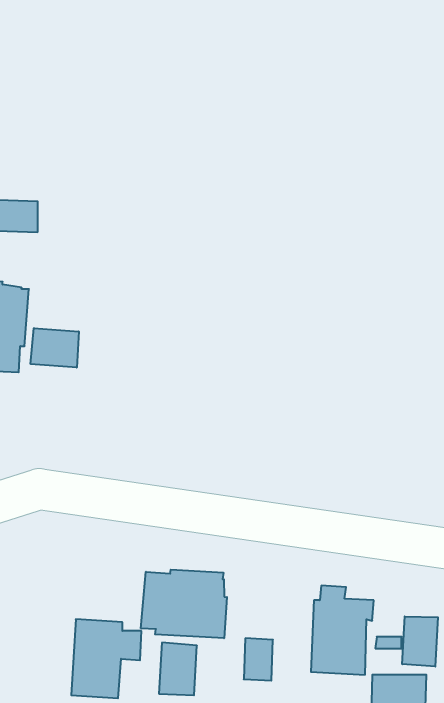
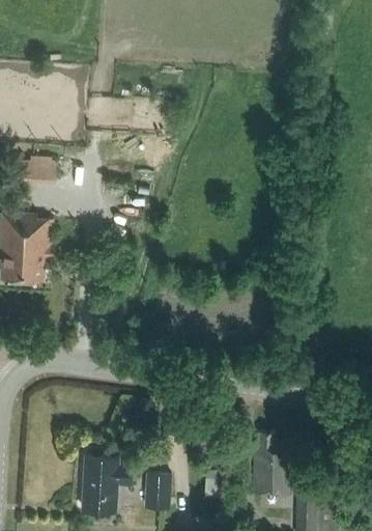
building: [31,328,79,368] -> none
building: [141,570,227,638] -> none
building: [402,616,438,667] -> none

